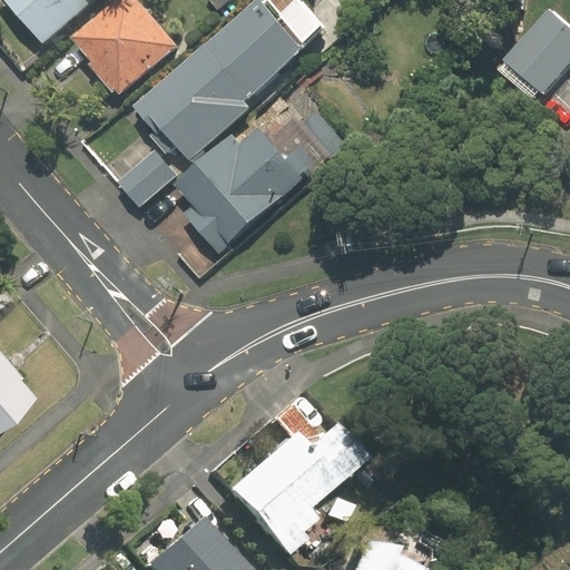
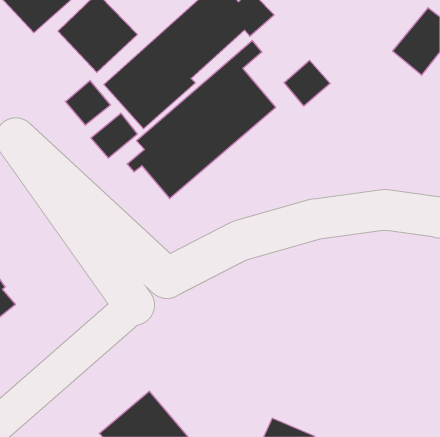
building: none -> [284,60,330,106]
building: none -> [65,80,110,125]
building: [217,424,348,554] -> none

